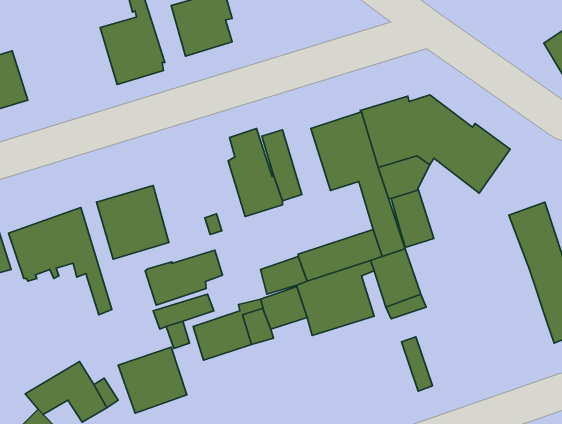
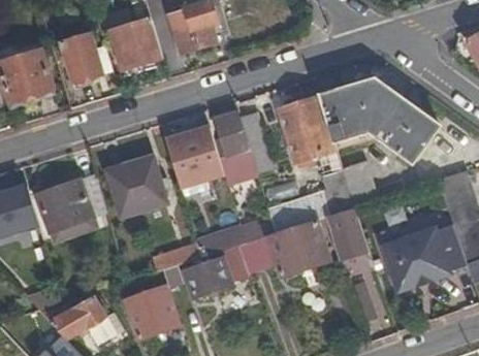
building: none -> [60,33,101,82]
building: none -> [167,129,206,173]
building: [145,250,223,305] -> none
building: none -> [378,223,466,293]

